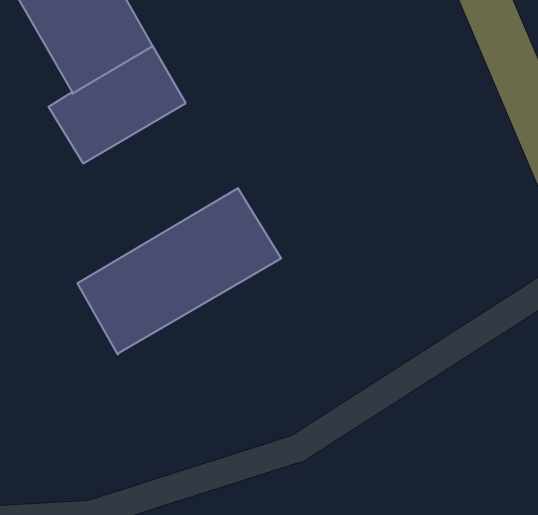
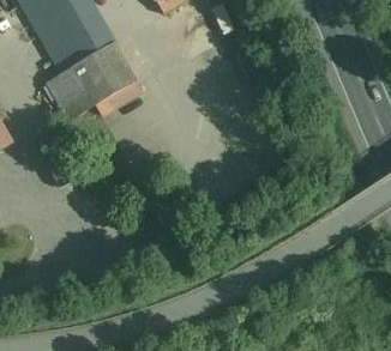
building: [78,188,281,355] -> none

